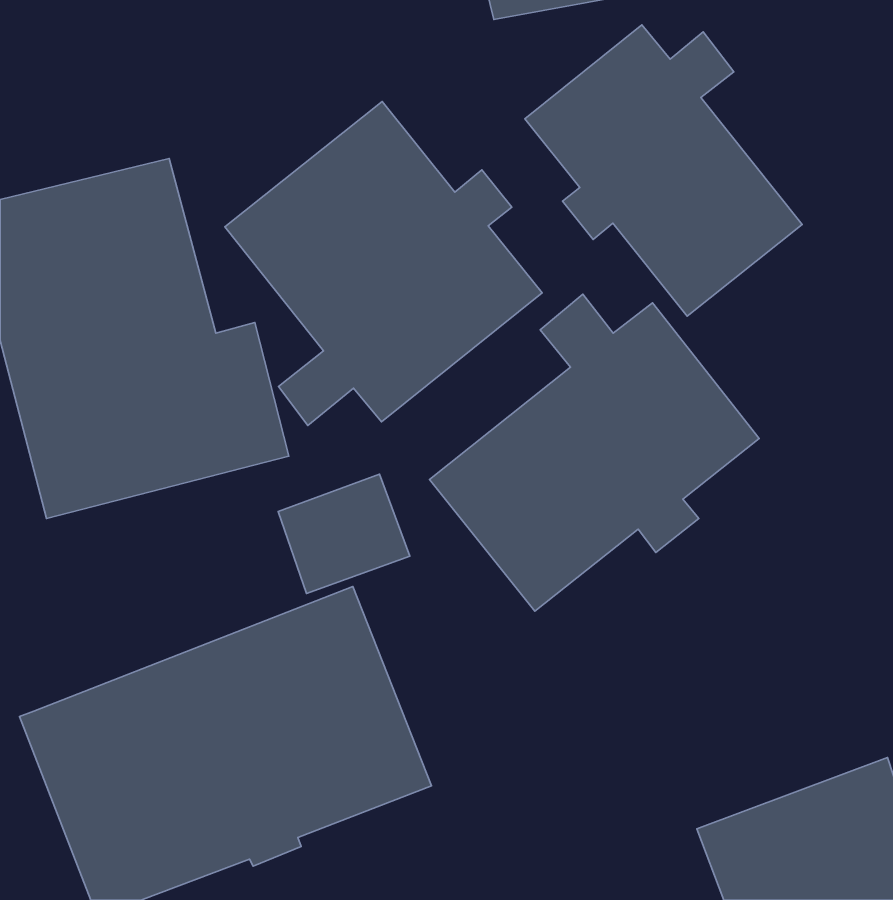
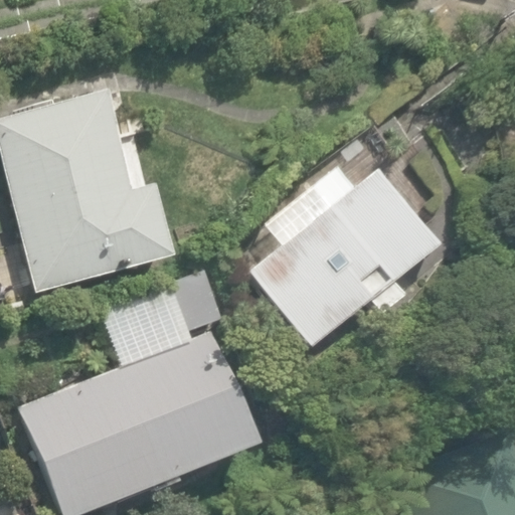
building: [525,25,802,316] -> none
building: [225,101,542,426] -> none

